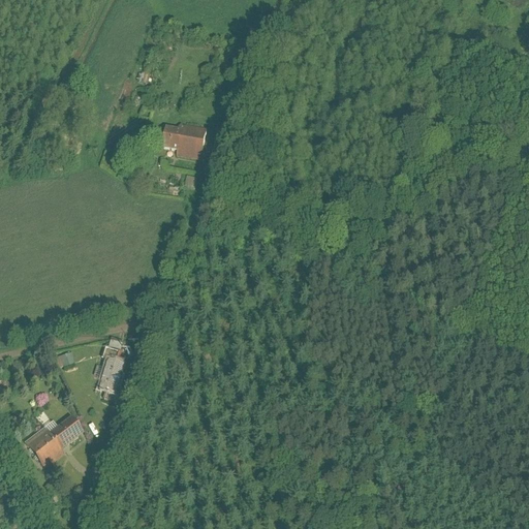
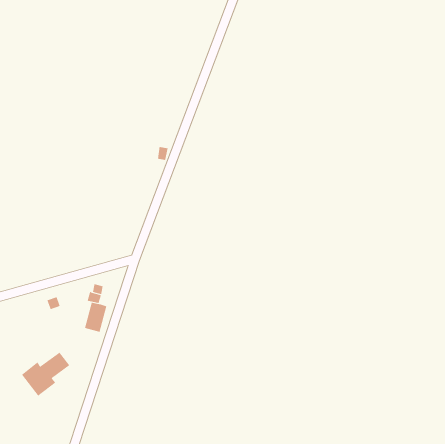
building: [163,122,205,157] -> none

